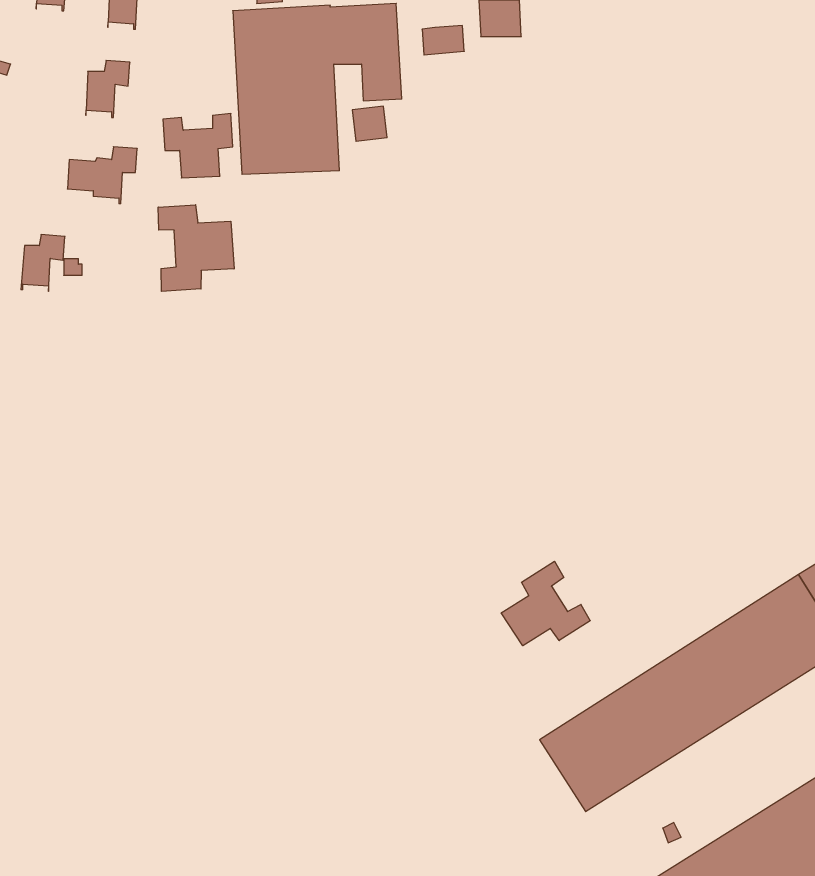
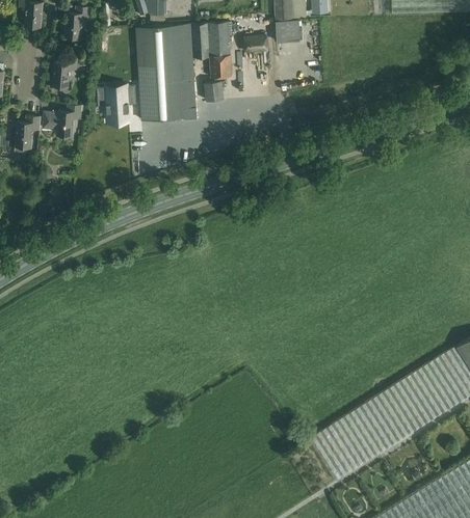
building: [158,205,234,291] -> none
building: [21,235,65,291] -> [16,115,41,147]
building: [501,561,590,646] -> none

